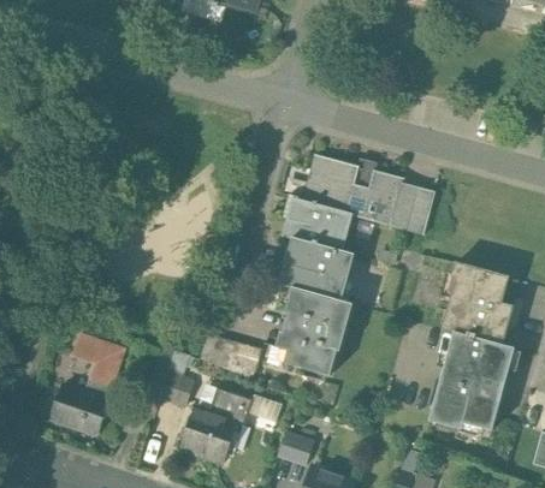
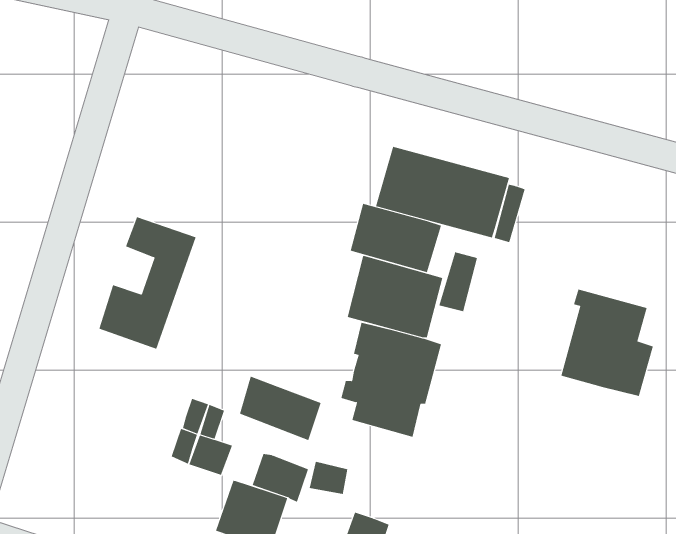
building: [403,189,433,234] -> [438,252,478,312]
building: [51,334,125,435] -> [98,217,197,349]
building: [430,334,513,432] -> none

